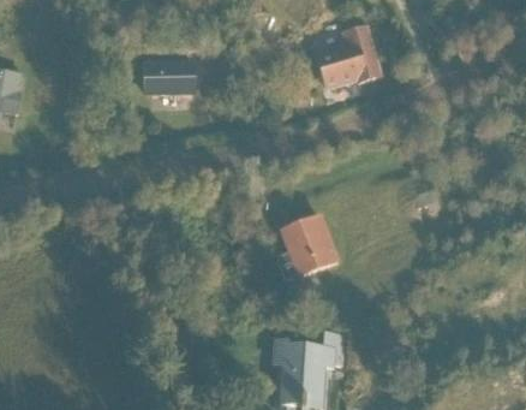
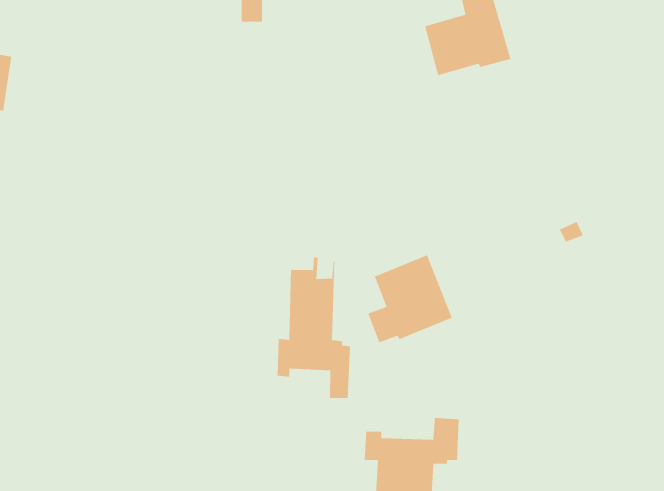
building: [144,63,195,93] -> none
building: none -> [277,257,351,399]

